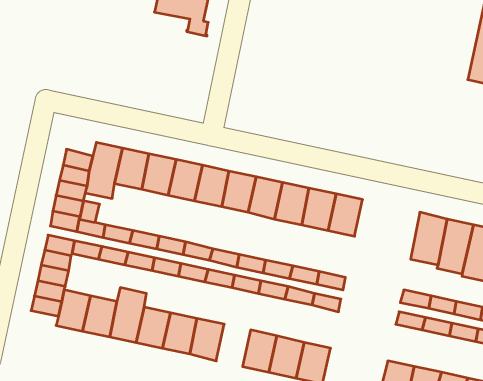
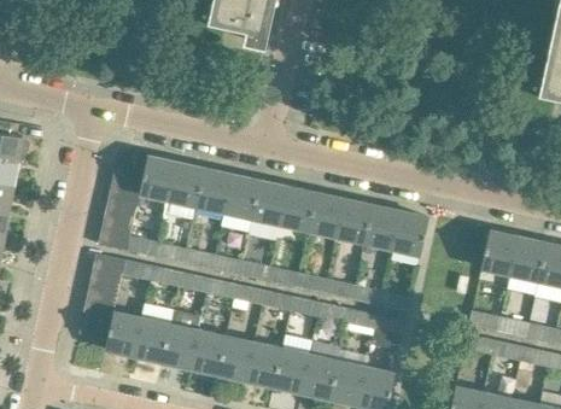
building: none -> [275,349,311,393]

